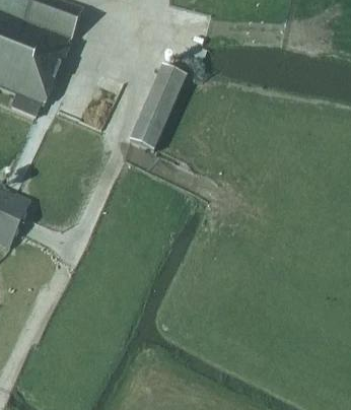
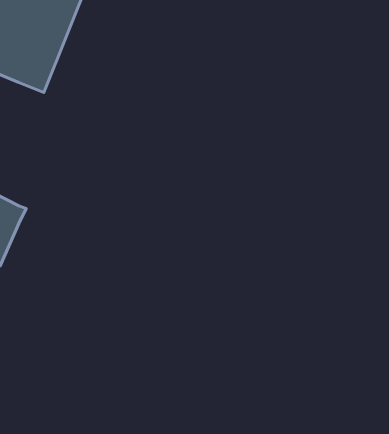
building: [128,62,187,147] -> none

